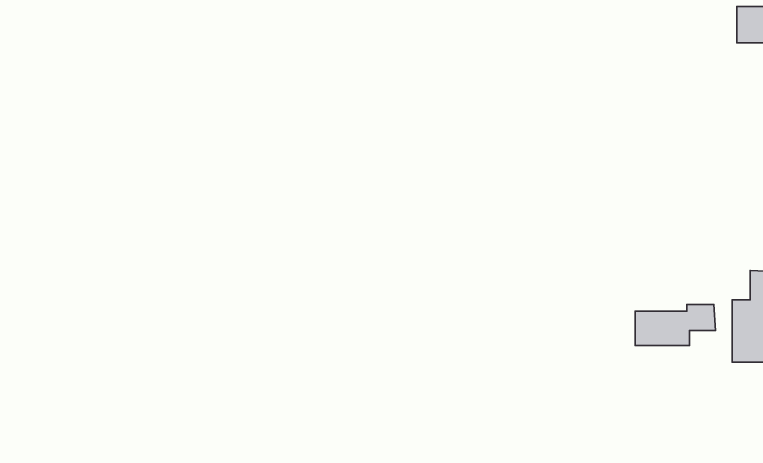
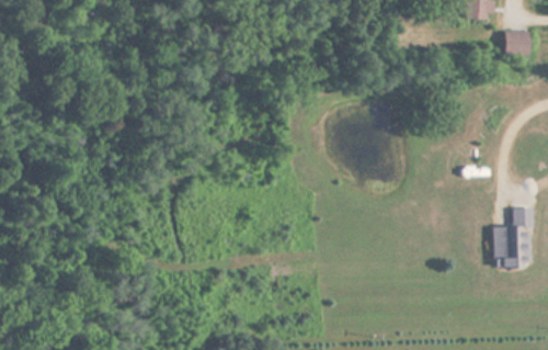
building: [635,304,715,345] -> none

